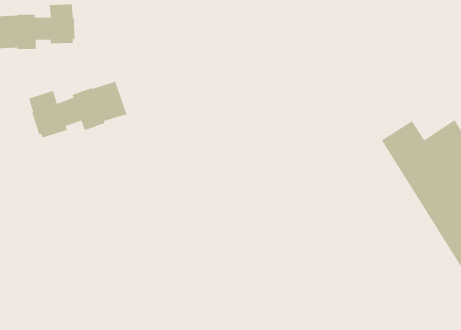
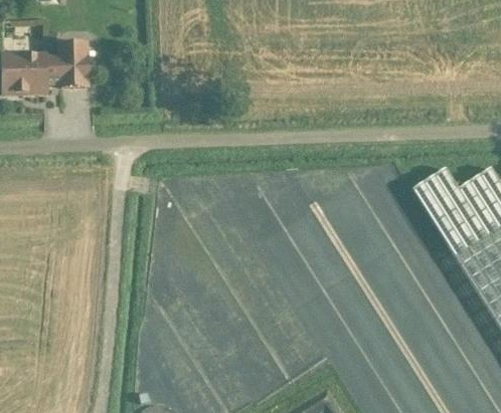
building: [28,80,128,139] -> none

